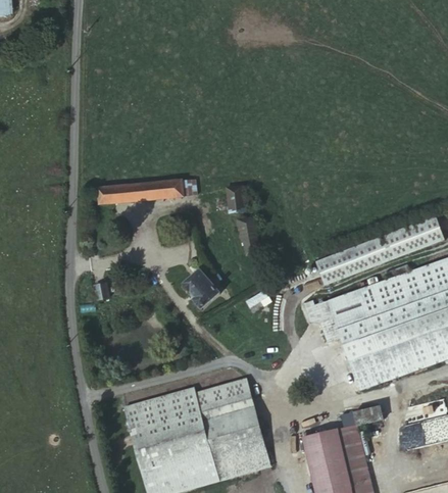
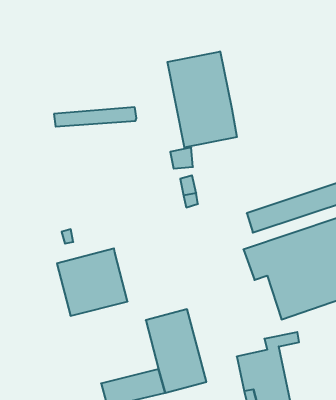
building: none -> [167,51,237,148]
building: [96,178,196,201] -> [54,107,136,127]
building: [181,267,218,307] -> none
building: [125,386,210,467] -> [57,248,128,316]

